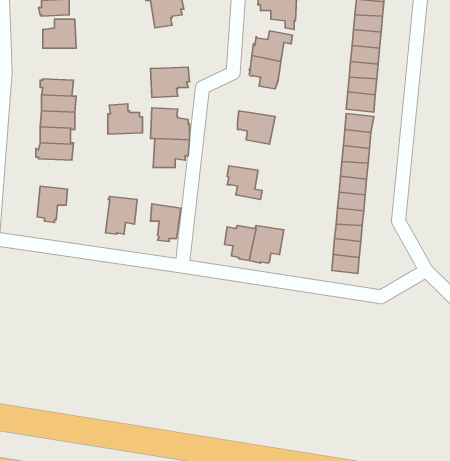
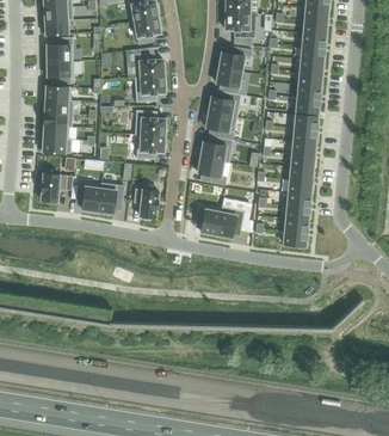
building: none -> [47,61,74,84]
building: none -> [208,91,241,117]
building: [108,104,143,134] -> [137,53,166,78]
building: none -> [199,136,233,162]
building: none -> [76,184,101,213]

